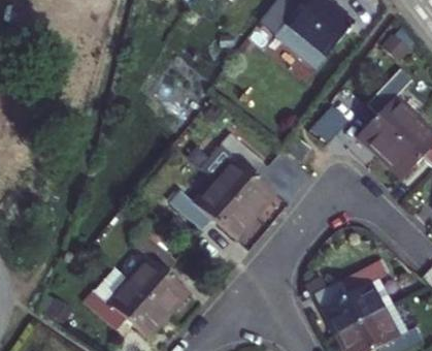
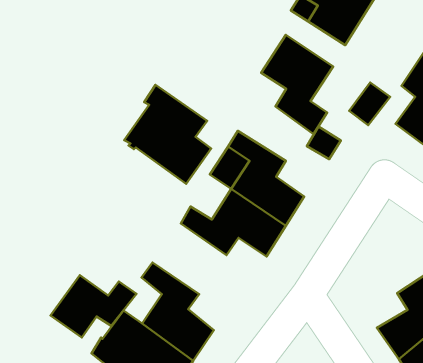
building: none -> [261,35,333,134]
building: none -> [124,85,211,184]
building: none -> [50,275,137,338]

